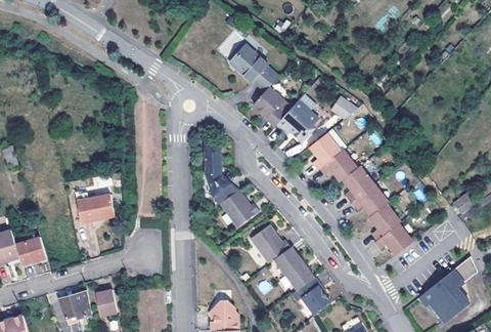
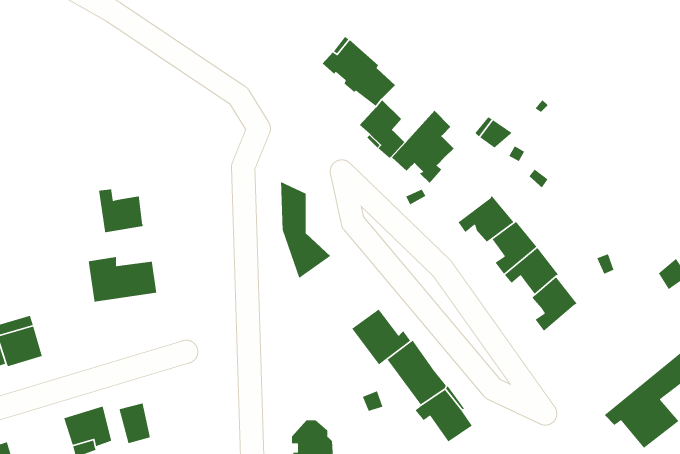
building: [309,134,342,171] -> none
building: none -> [98,188,144,233]
building: [219,191,257,227] -> none
building: [375,224,412,256] -> none

